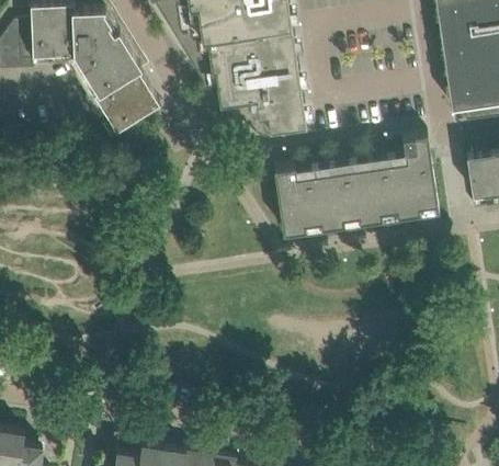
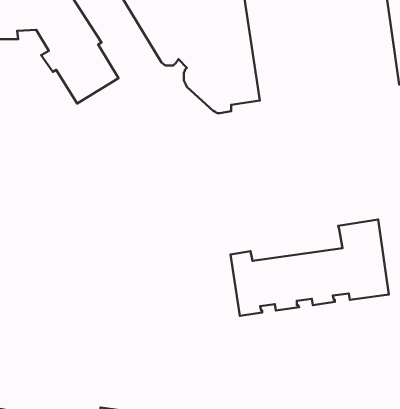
building: [274,132,439,231] -> [230,220,389,316]

